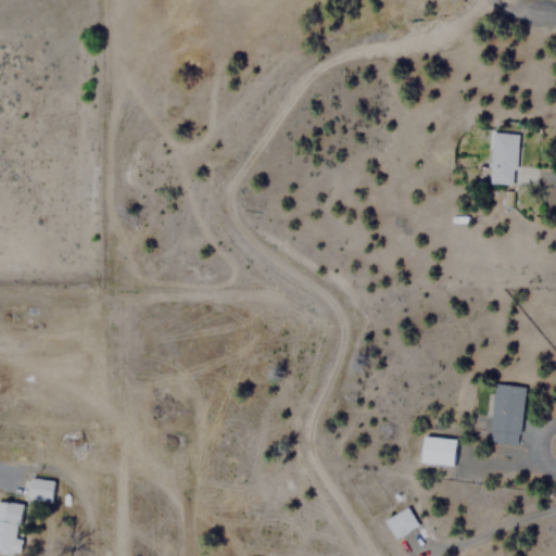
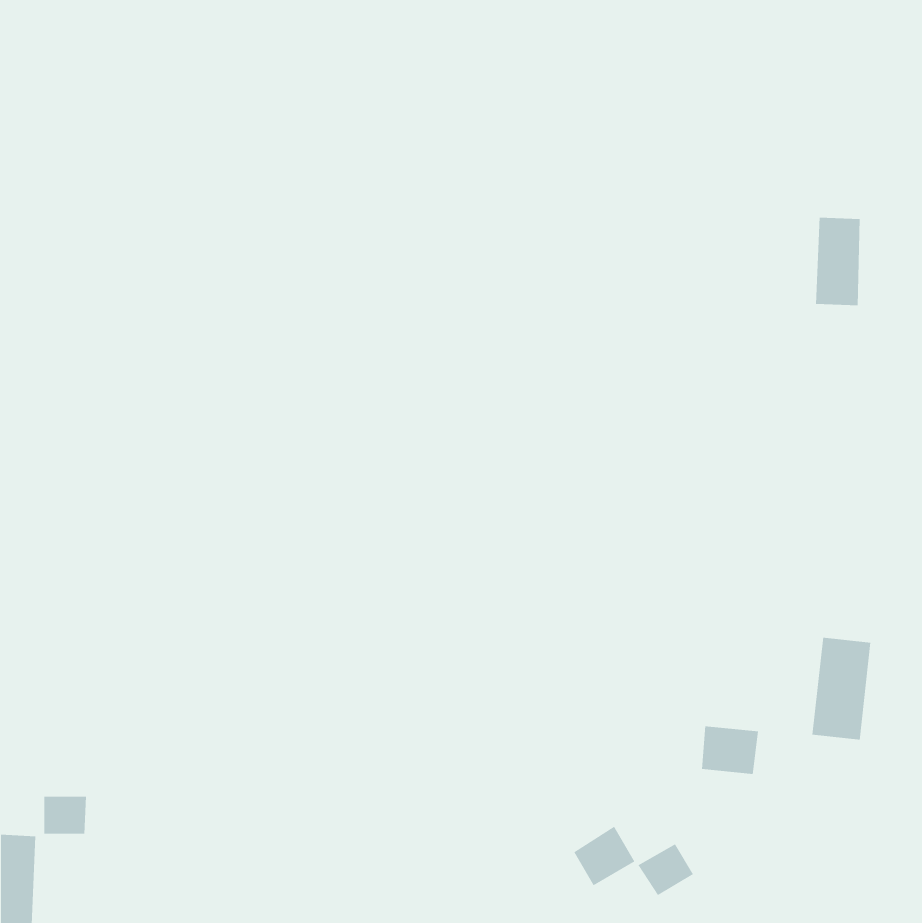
building: none -> [573,826,635,886]

